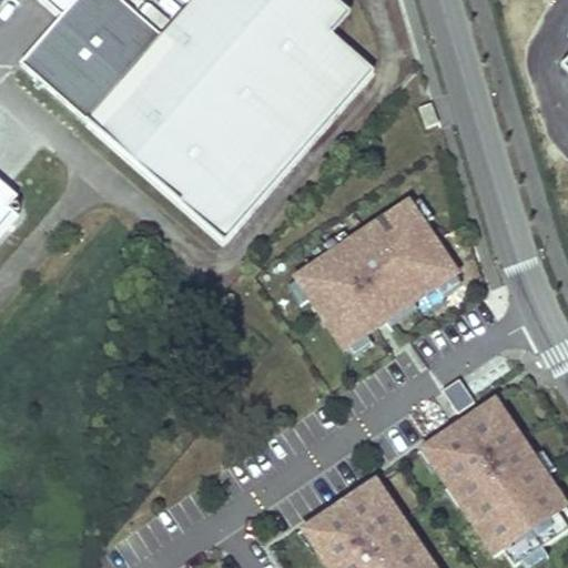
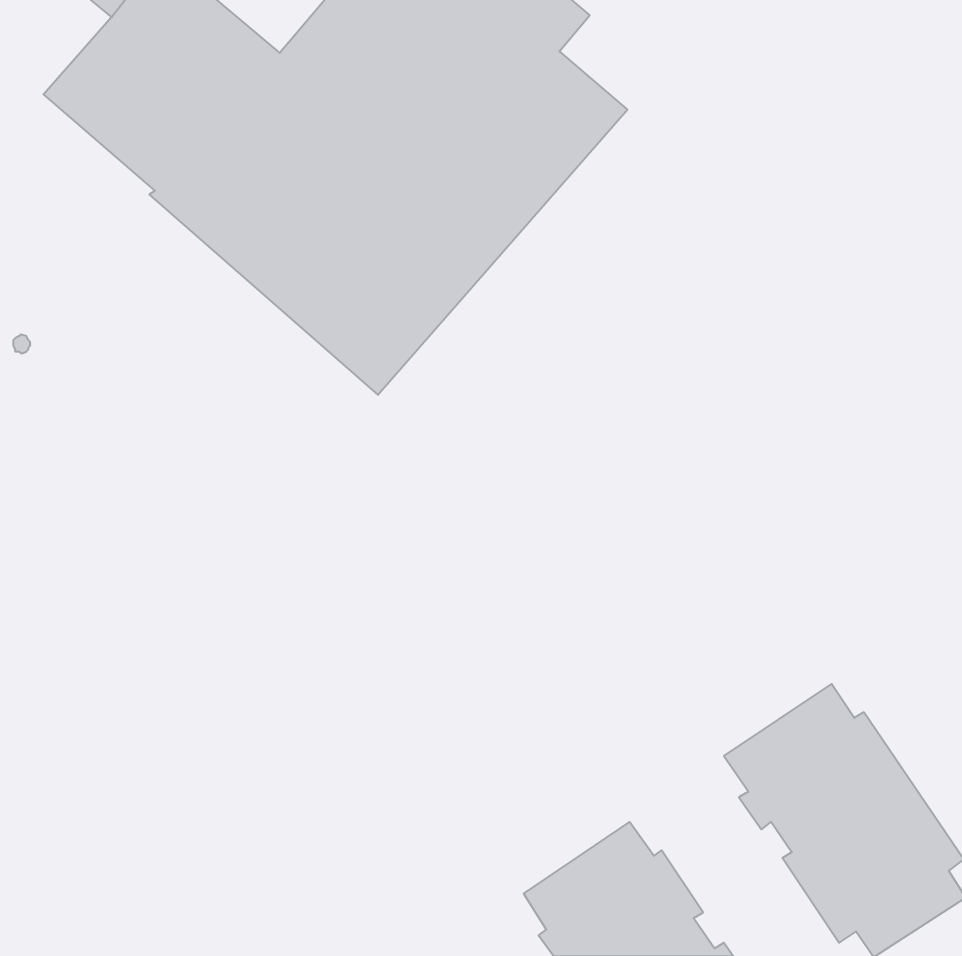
building: [295,199,458,347] -> none

